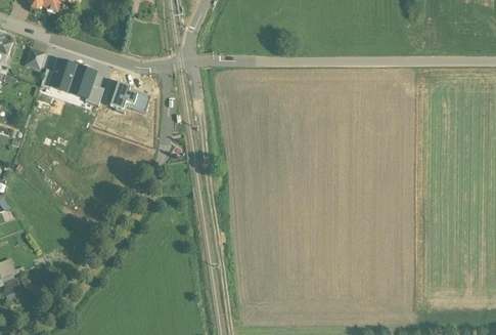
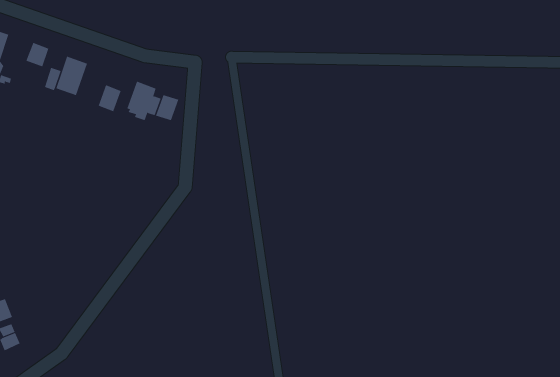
building: [67,66,95,97] -> none

